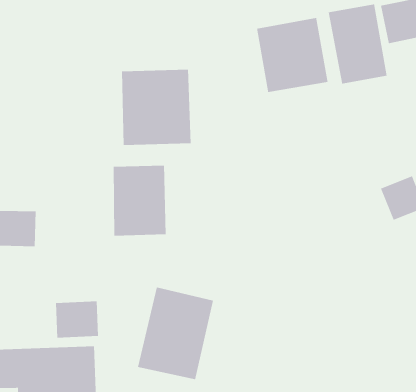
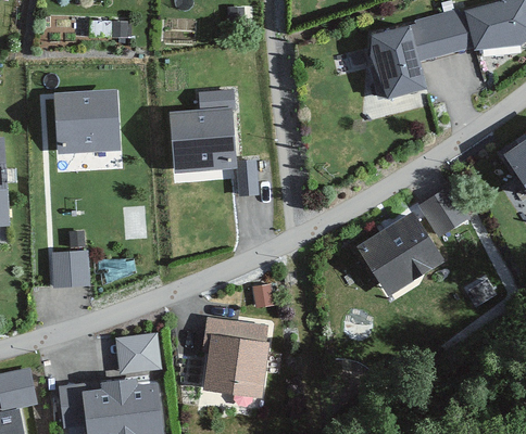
building: [257,17,328,93] -> none
building: none -> [50,90,126,171]
building: [113,165,166,236] -> none
building: none -> [352,206,448,297]

